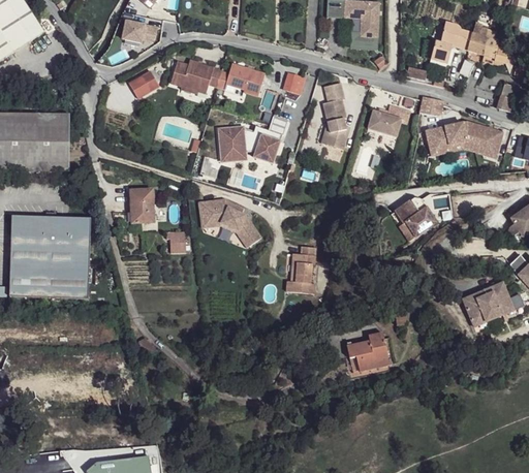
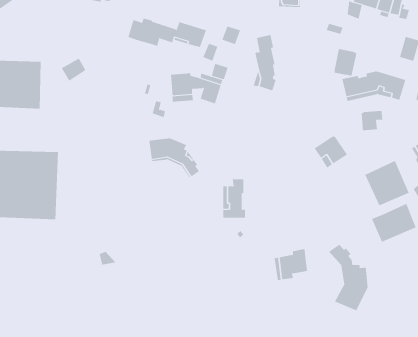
building: [130,71,160,99] -> [61,58,86,81]
building: [369,103,410,133] -> none
building: none -> [361,110,383,131]
building: [130,191,153,222] -> none
building: none -> [365,160,410,206]
building: [165,232,185,254] -> none
building: none -> [328,244,368,311]

